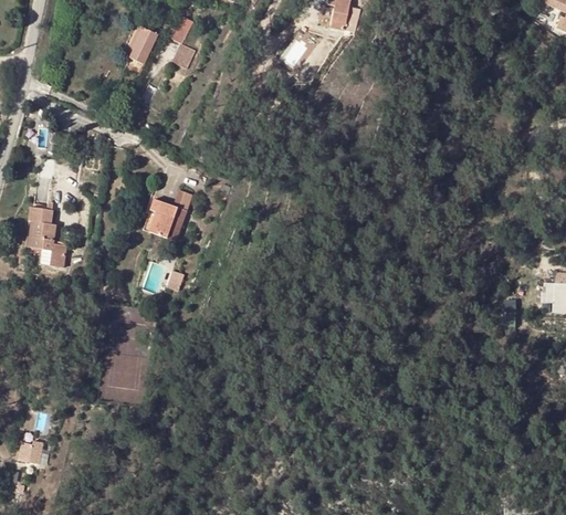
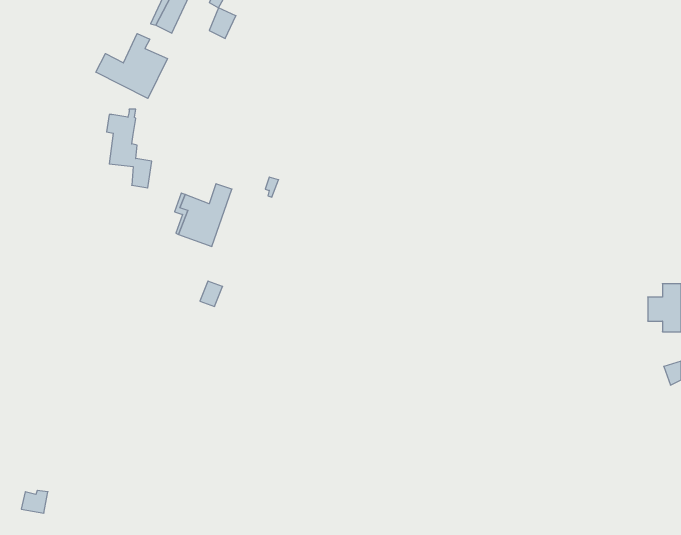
building: none -> [96,34,167,98]
building: [29,202,66,267] -> [107,109,152,188]

